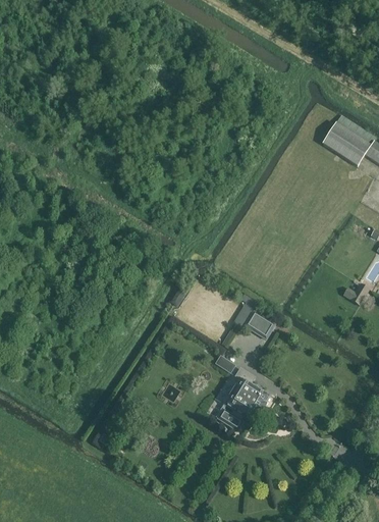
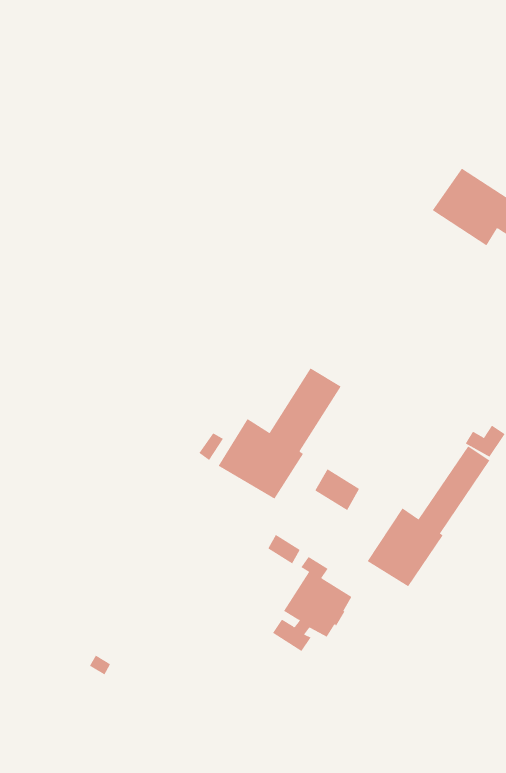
building: none -> [218,367,341,500]
building: none -> [367,446,490,587]

